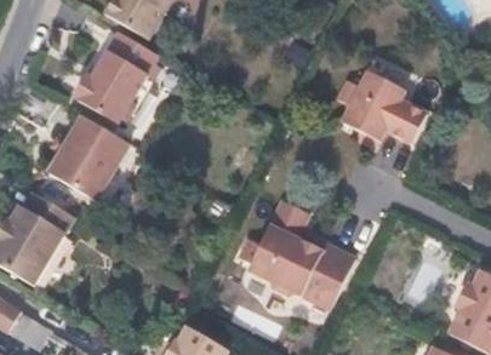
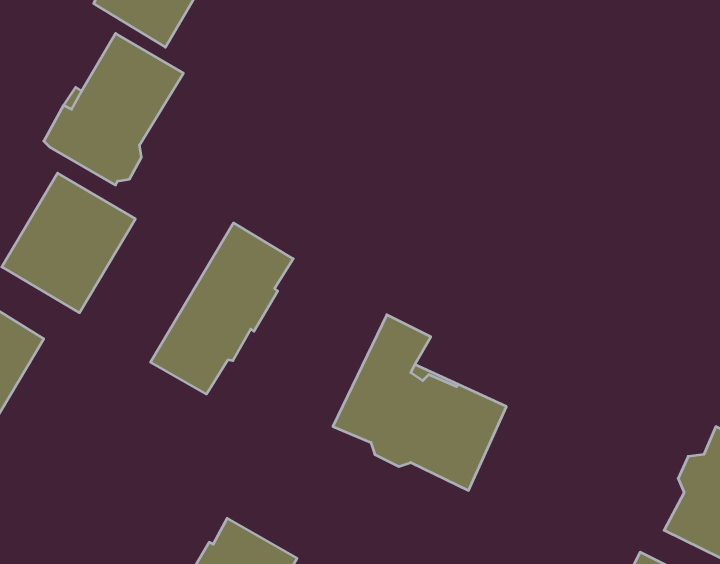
building: [343,73,428,143] -> none
building: none -> [151,223,293,394]

